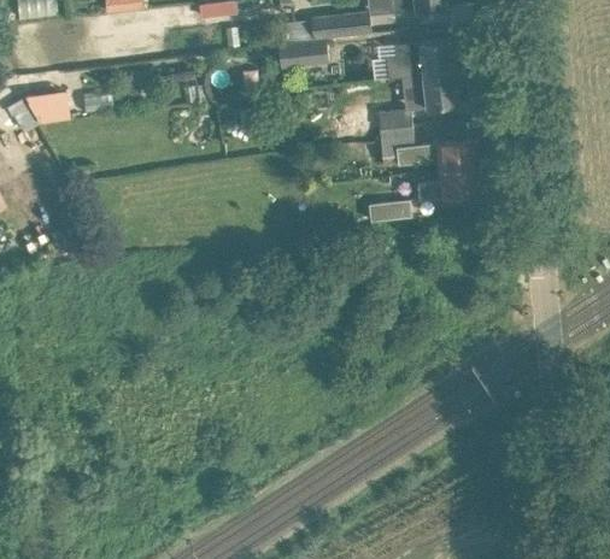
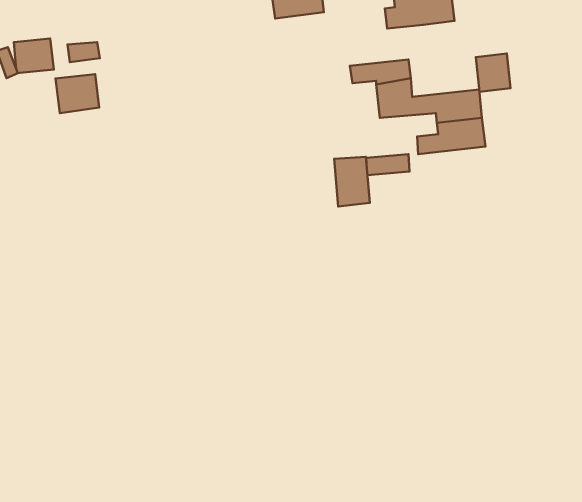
building: [424,71,458,108] -> [476,53,511,92]
building: none -> [56,74,99,113]
building: none -> [334,157,370,206]

